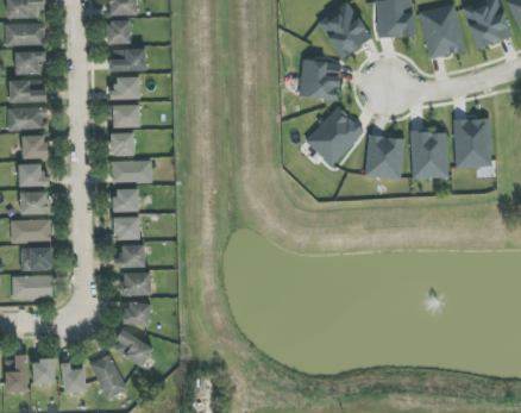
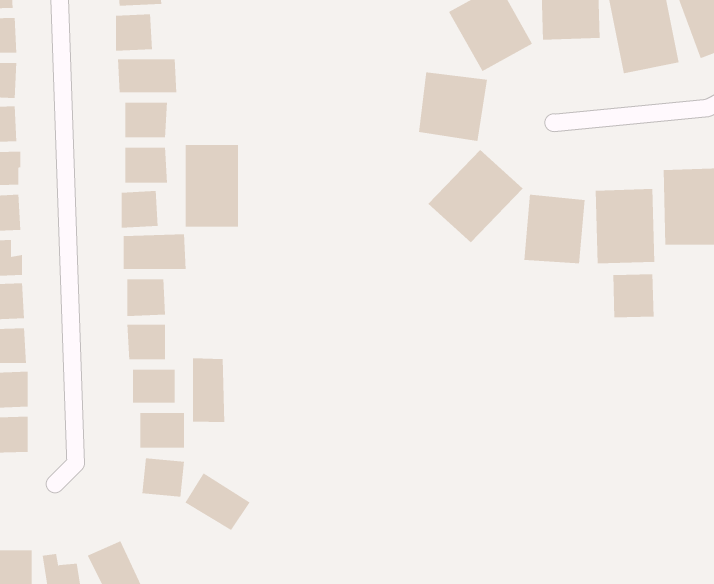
building: none -> [185,144,239,228]
building: none -> [613,274,654,318]
building: none -> [192,358,225,423]
building: [112,330,153,367] -> [185,472,250,531]

